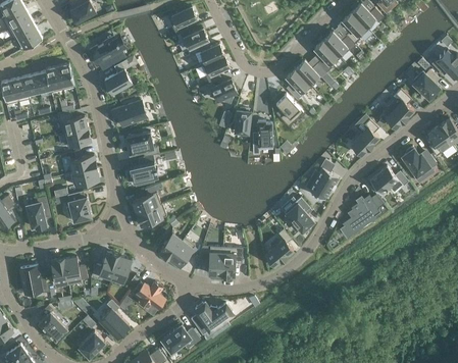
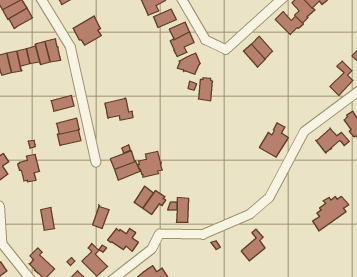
building: [313,41,340,73] -> none
building: [104,60,132,94] -> none
building: [275,95,303,126] -> none
building: [111,101,147,127] -> none
building: [57,112,87,135] -> none
building: [351,119,378,155] -> none
building: [252,121,272,155] -> none
building: [129,156,157,186] -> [137,151,162,177]
building: [66,192,91,222] -> none
building: [342,195,384,235] -> [313,197,349,231]
building: [284,198,313,235] -> none
building: [265,229,293,266] -> [241,229,265,261]
building: [221,248,242,276] -> none
building: [91,252,118,279] -> none
building: [63,257,87,282] -> none
building: [19,265,49,295] -> none
building: [194,303,233,334] -> none

